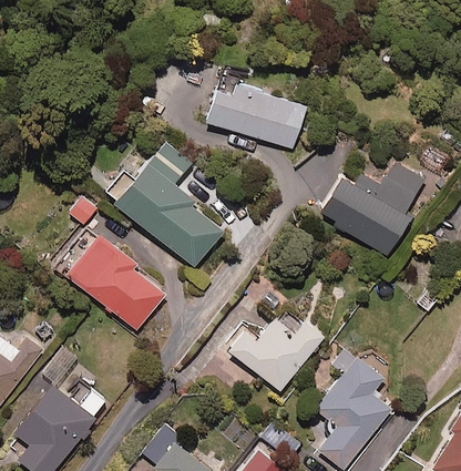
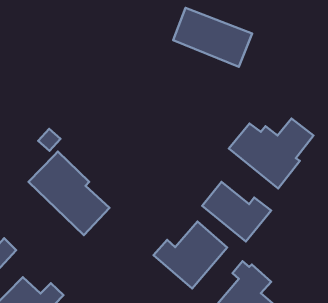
building: [202,75,304,147] -> [173,8,252,67]
building: [99,139,224,266] -> none
building: none -> [202,182,271,242]

